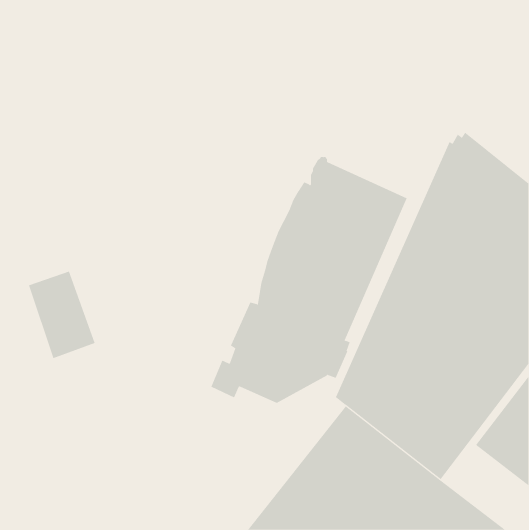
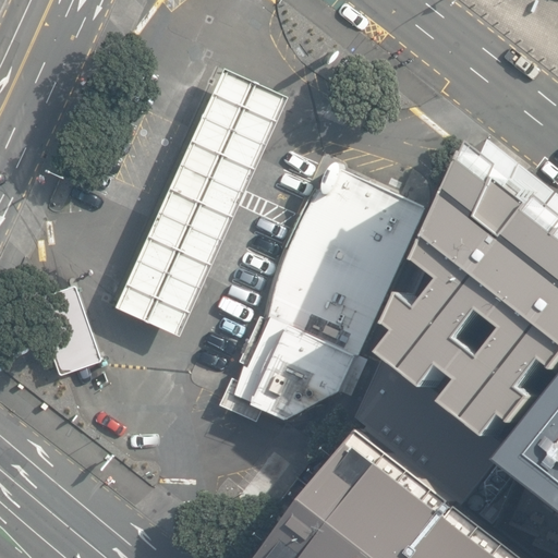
building: none -> [110,68,284,337]

